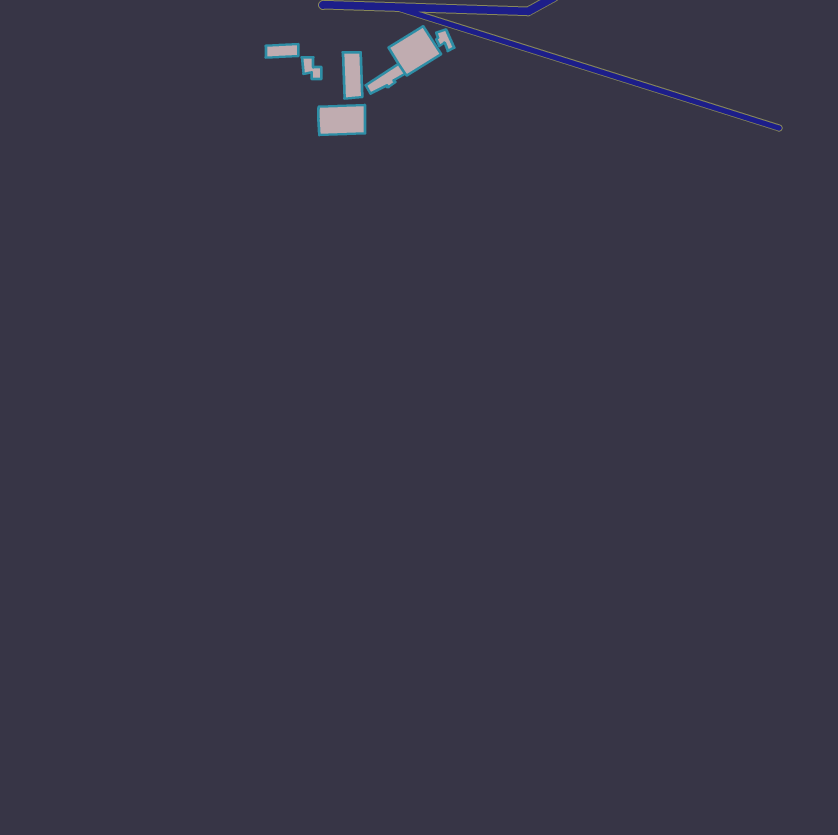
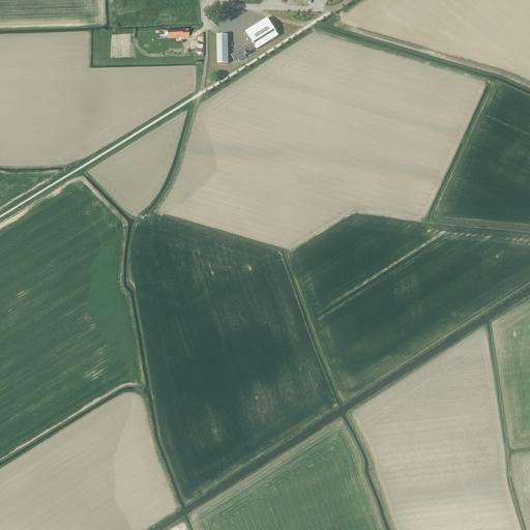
building: [319,105,365,135] -> none

